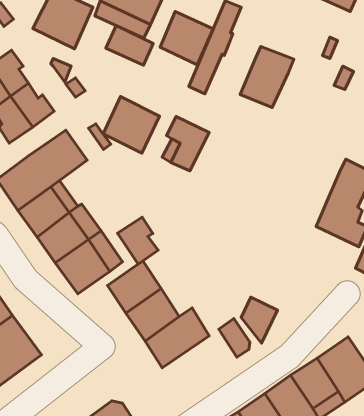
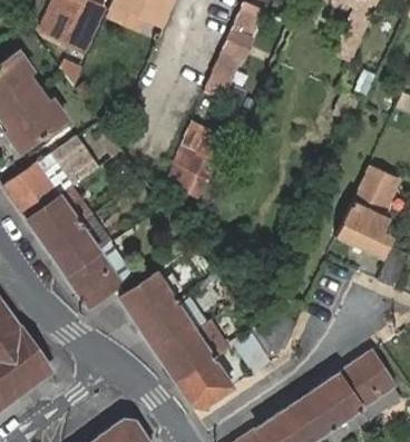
building: [160,12,213,65] -> none
building: [106,25,153,65] -> none
building: [240,47,294,107] -> none
building: [103,97,159,153] -> none
building: [118,217,158,264] -> none
building: none -> [176,357,233,406]

